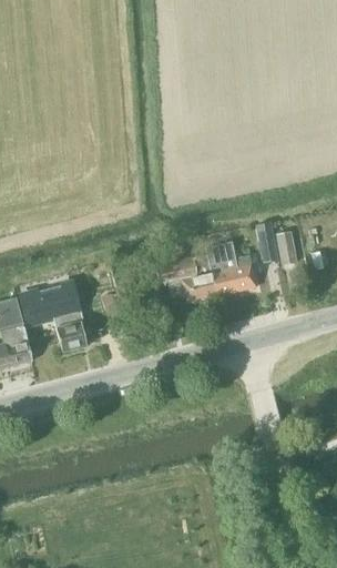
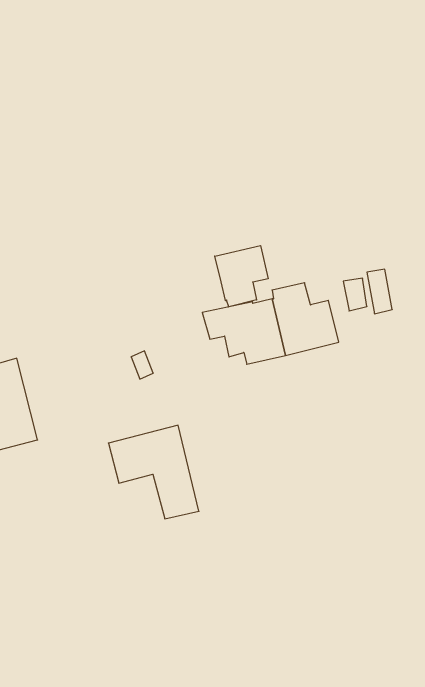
building: none -> [215,246,268,307]
building: [22,282,90,352] -> [108,425,199,519]

